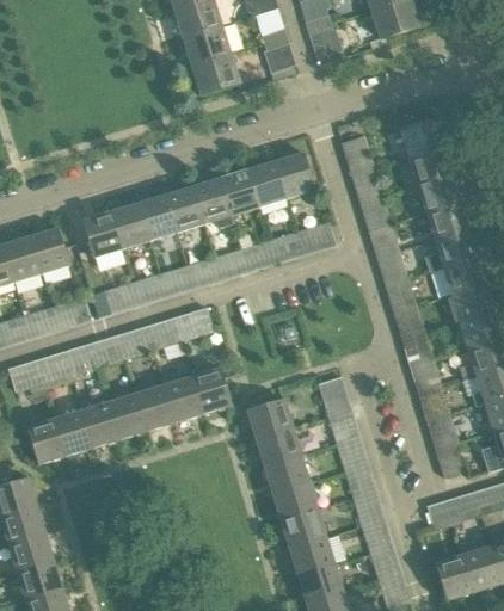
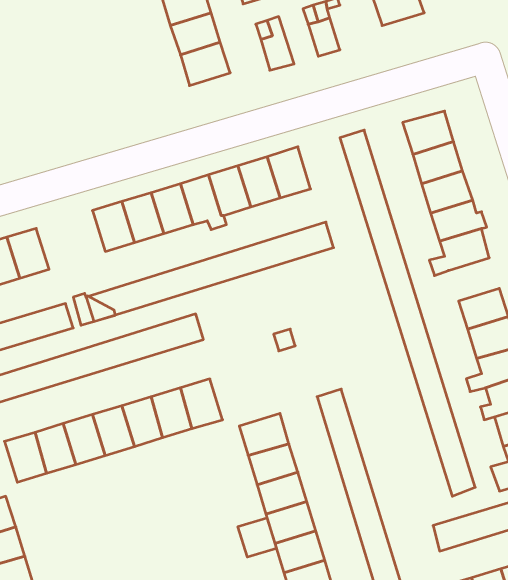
building: [81,210,121,258] -> none
building: [442,254,490,295] -> none
building: none -> [238,518,276,557]

